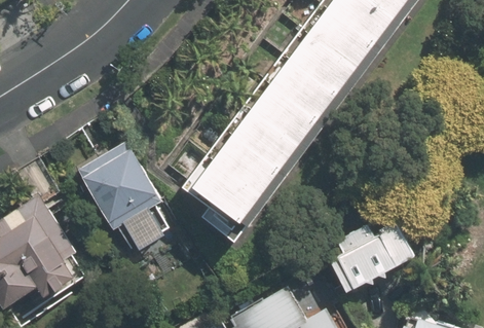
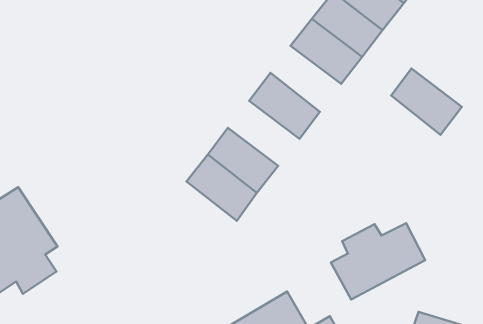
building: [272,60,337,120] -> [391,69,462,135]
building: [233,110,299,170] -> none
building: [77,141,170,249] -> none

